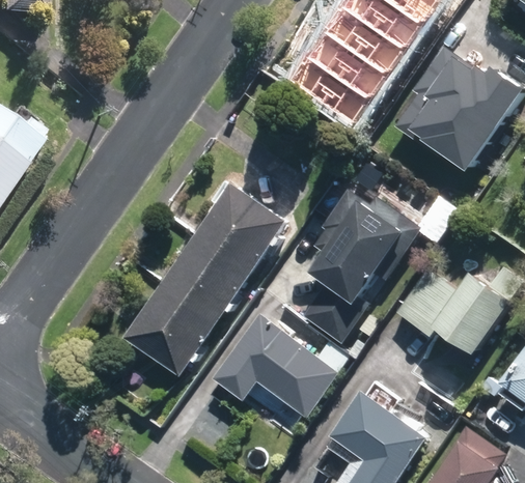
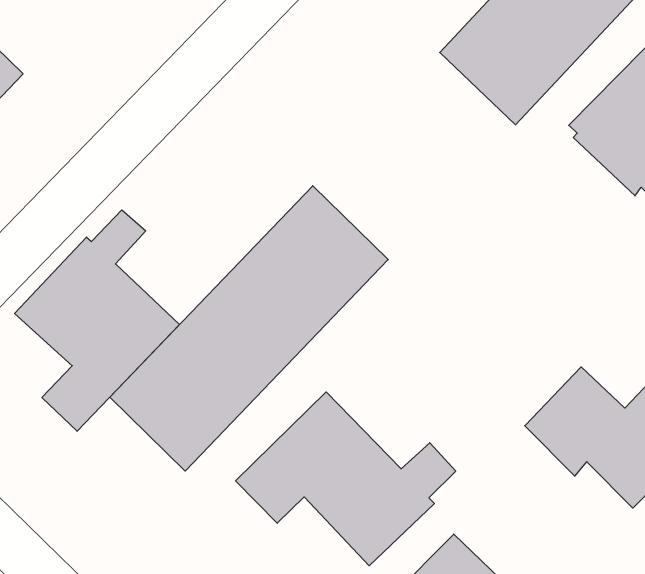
building: [309,187,420,338] -> none
building: none -> [15,210,179,431]

